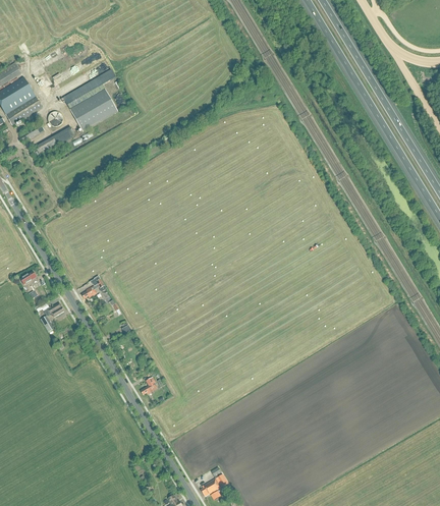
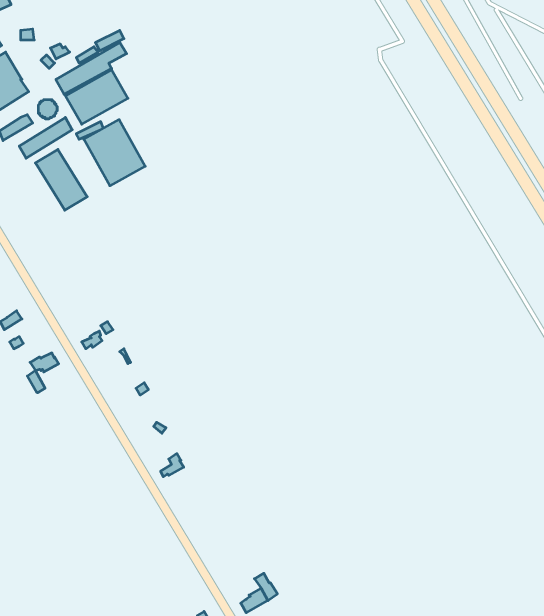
building: none -> [84,120,145,186]
building: none -> [35,149,87,210]

